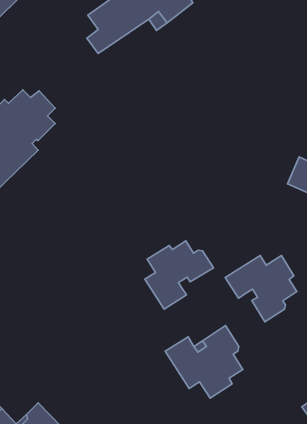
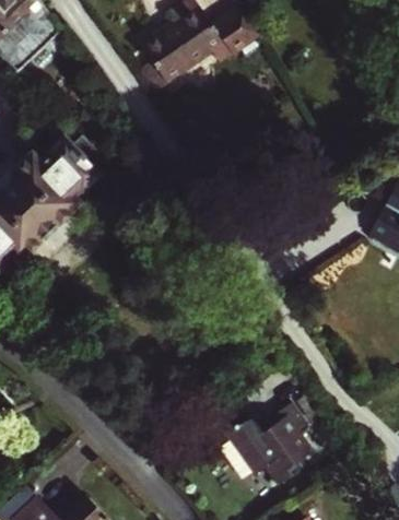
building: [145,241,213,309] -> none
building: [225,256,297,322] -> none

